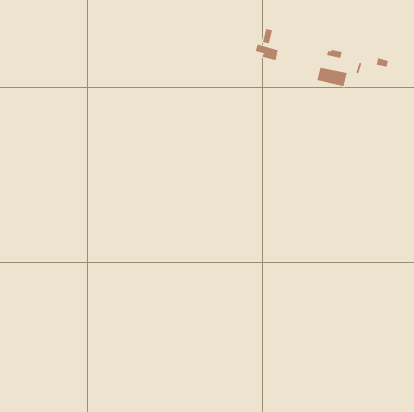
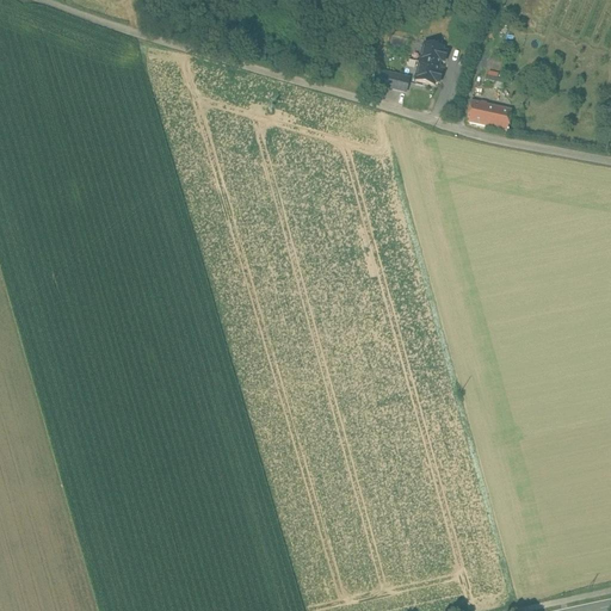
building: none -> [415,41,442,81]

